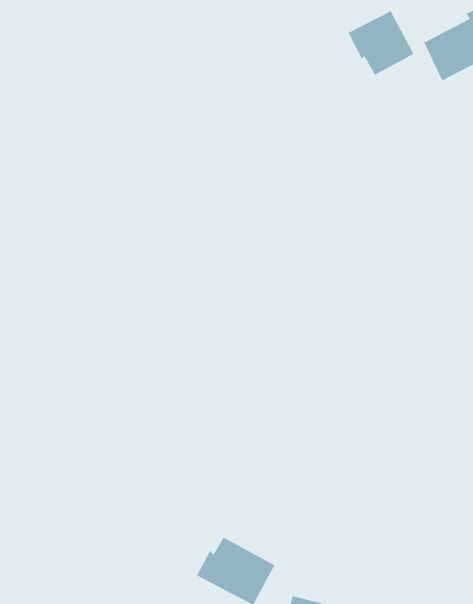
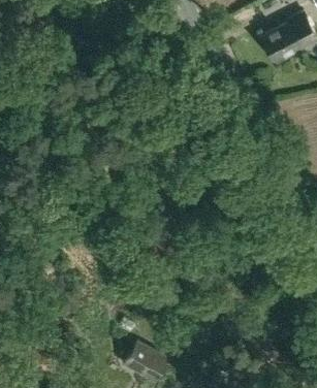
building: [348,10,414,75] -> none

